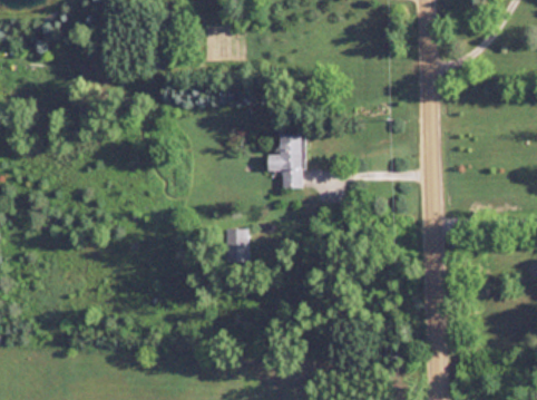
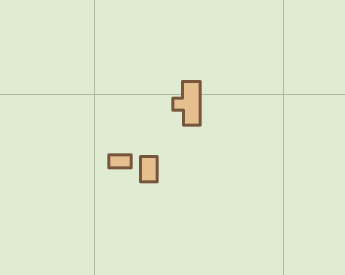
building: none -> [109,155,131,168]

